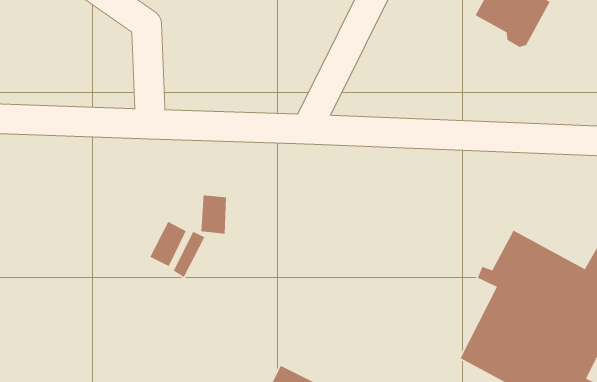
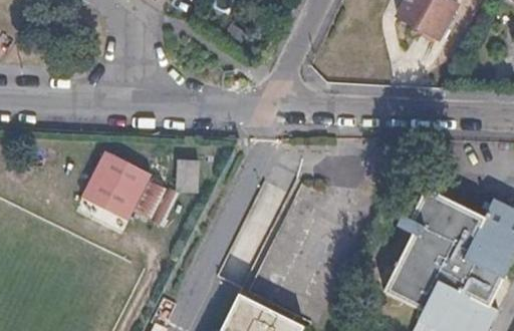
building: none -> [75,148,151,229]

